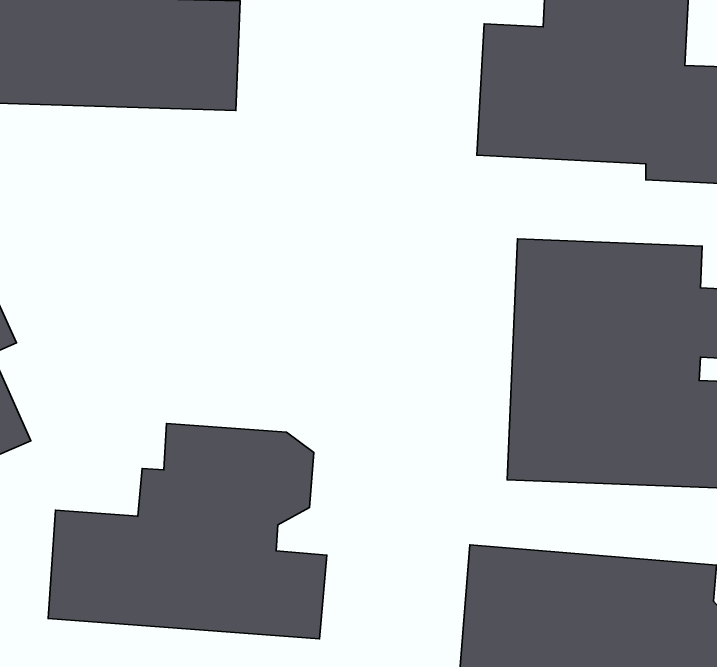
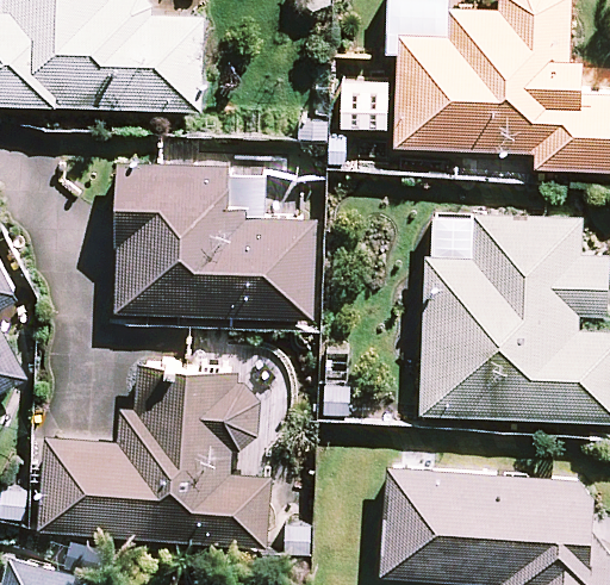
building: none -> [116,167,317,320]

